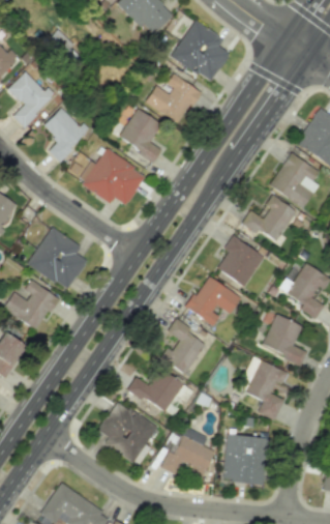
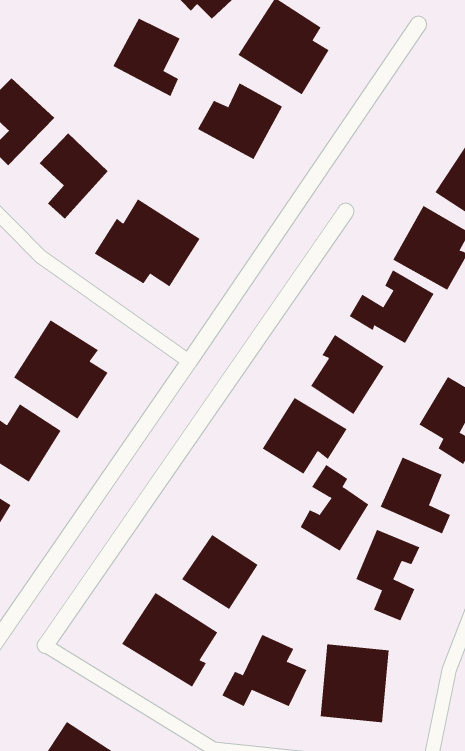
building: [119,109,162,159] -> [113,18,180,97]
building: [160,318,205,374] -> [300,464,369,551]

